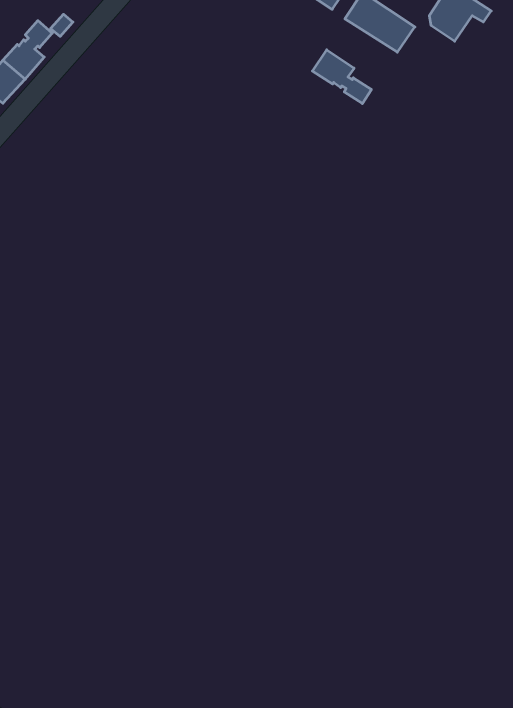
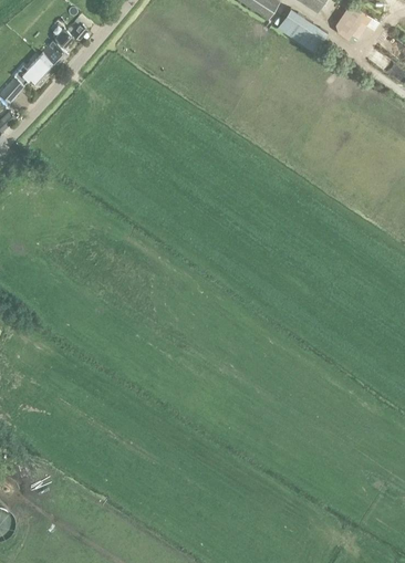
building: [312,50,371,104] -> none

